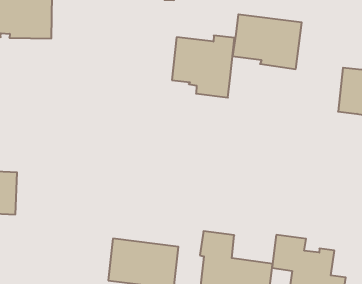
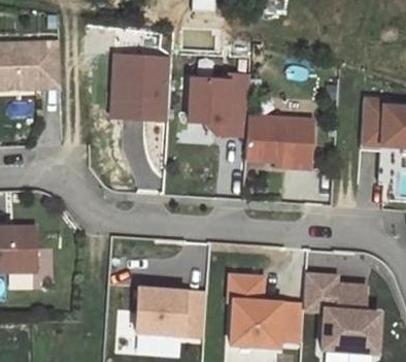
building: none -> [110,54,171,121]
building: [233,14,302,69] -> [244,116,313,168]

